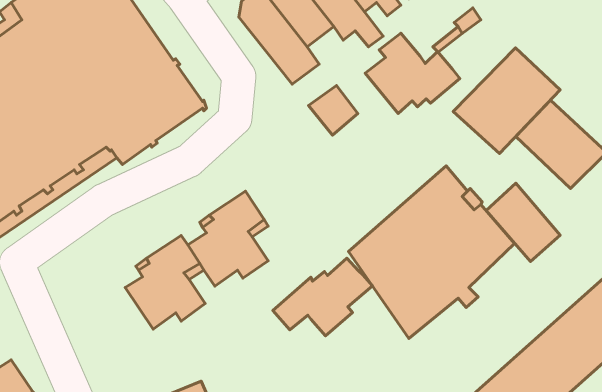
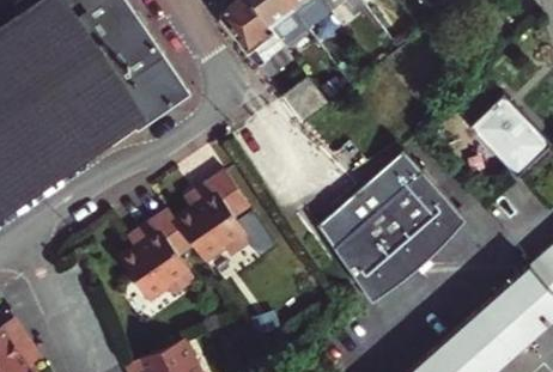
building: [365,33,460,113] -> none
building: [453,48,560,154] -> none
building: [486,183,560,261] -> none
building: [273,258,372,336] -> none

